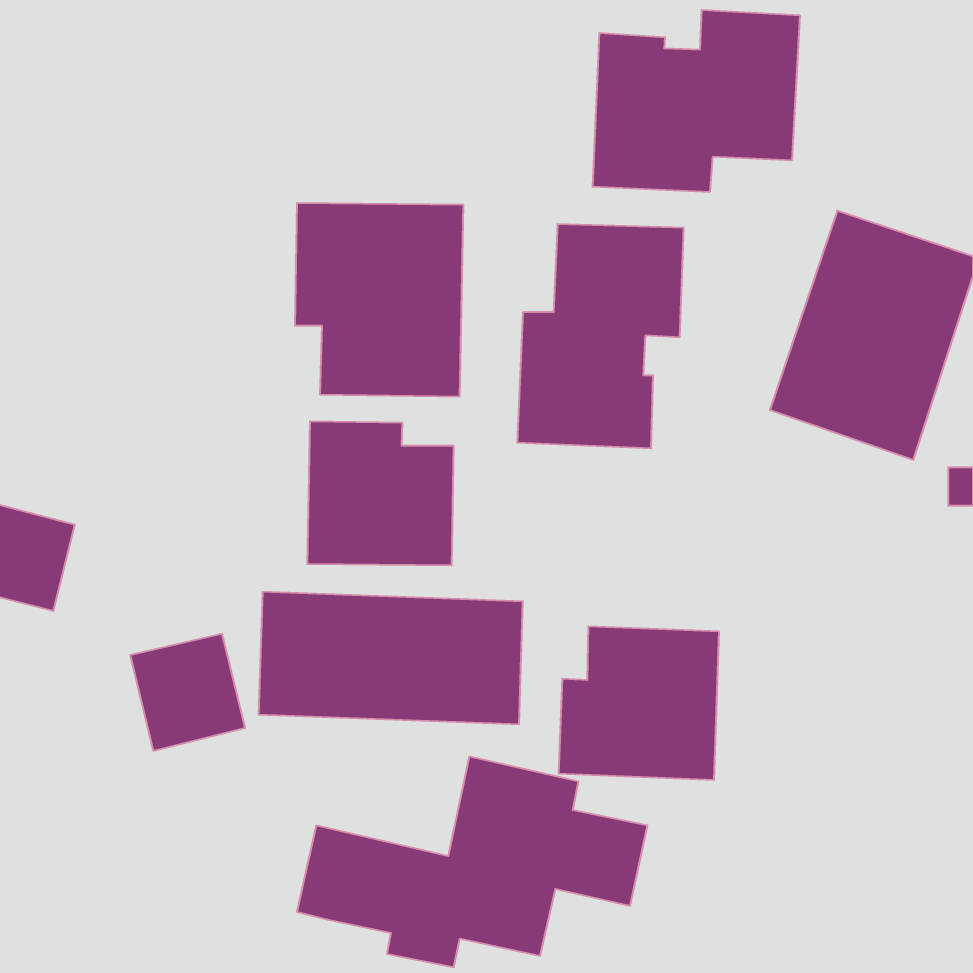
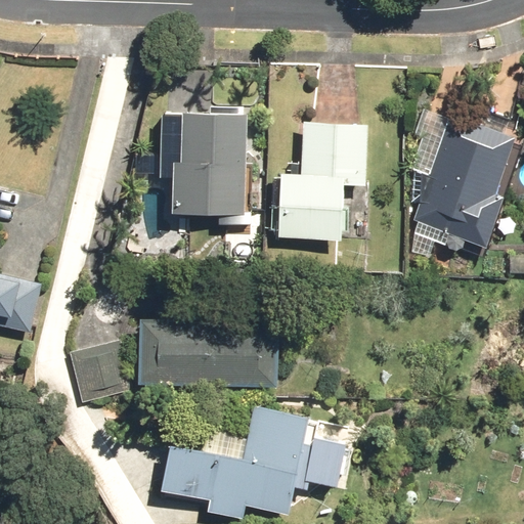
building: [593,10,800,192] -> none
building: [307,421,453,566] -> none
building: [559,626,719,780] -> none

